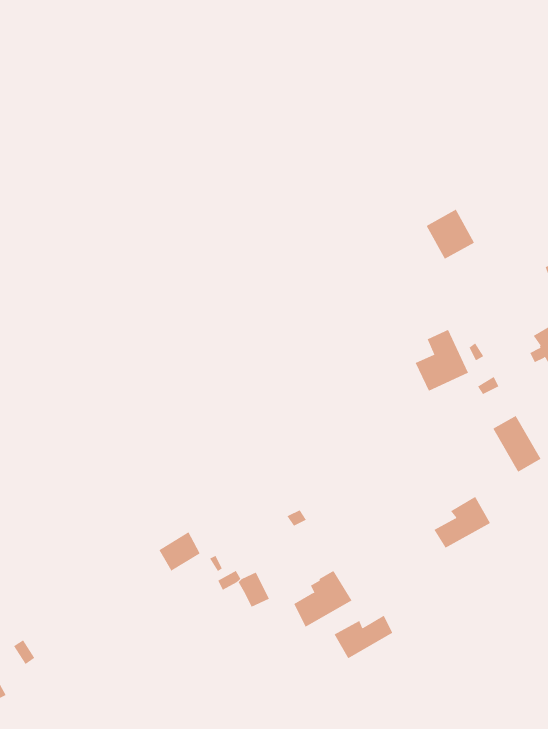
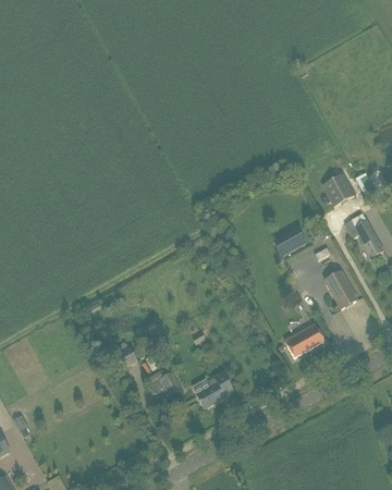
building: [426,209,475,260] -> [322,173,354,206]
building: [334,615,393,659] -> none

